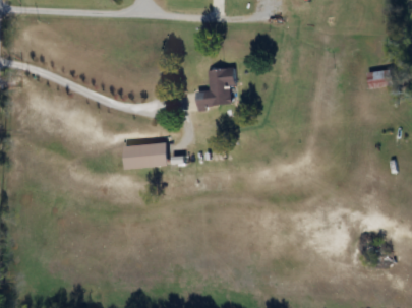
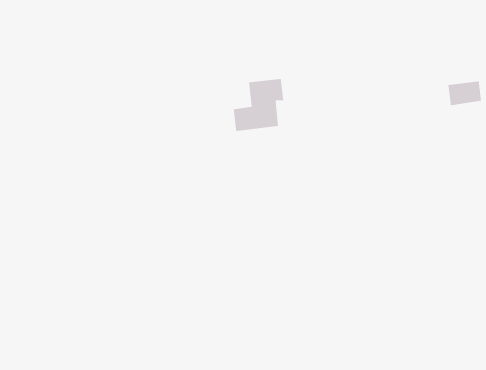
building: [122,143,168,170] -> none

